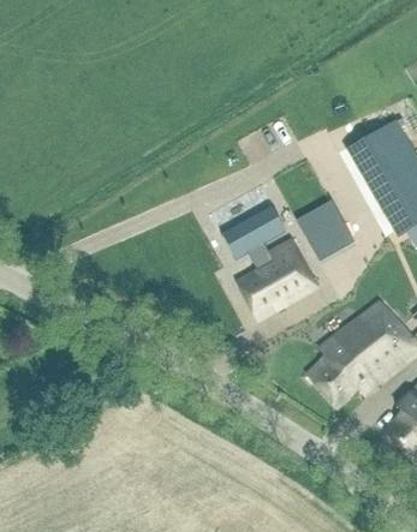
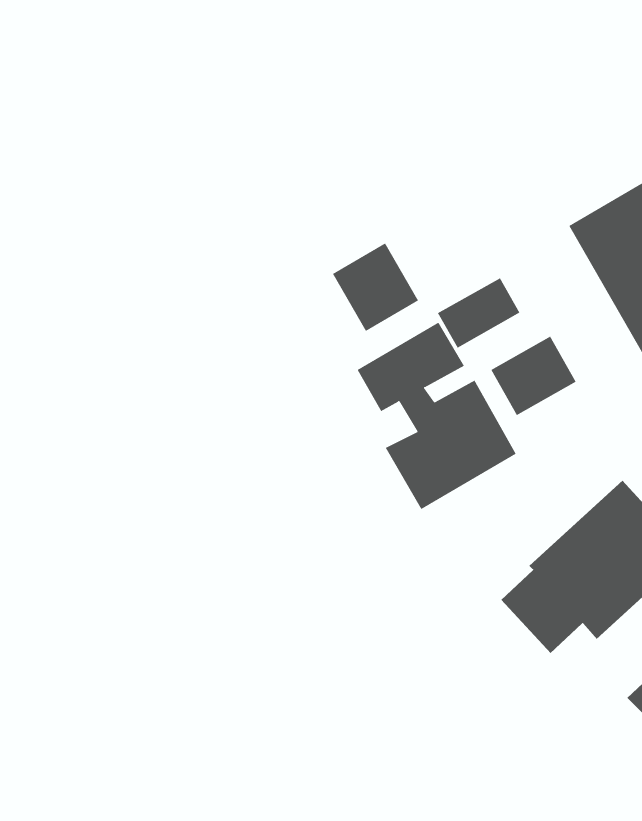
building: none -> [332,243,419,332]
building: none -> [437,277,520,348]

